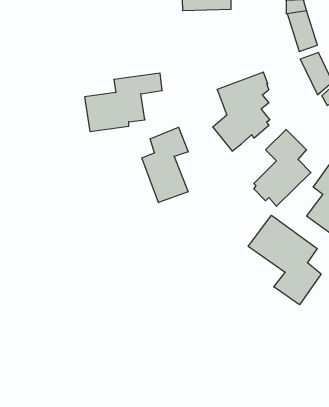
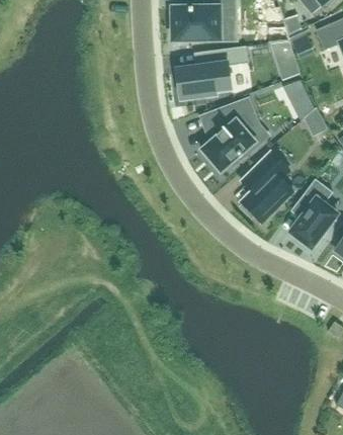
building: [85,73,162,132] -> [175,46,248,100]
building: [142,127,188,203] -> none
building: [248,215,321,305] -> none

